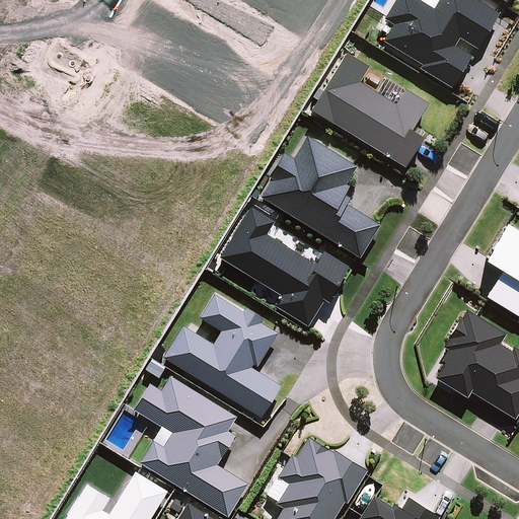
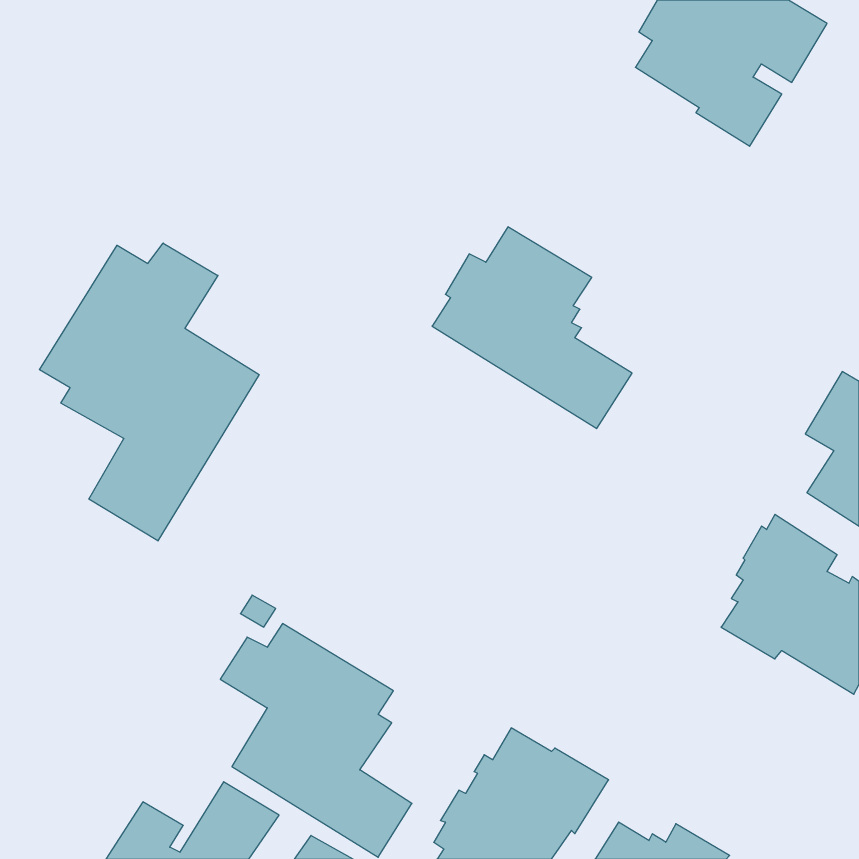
building: [311,53,429,168] -> none
building: none -> [39,243,259,541]
building: [220,208,350,326] -> none
building: [163,295,281,418] -> none

